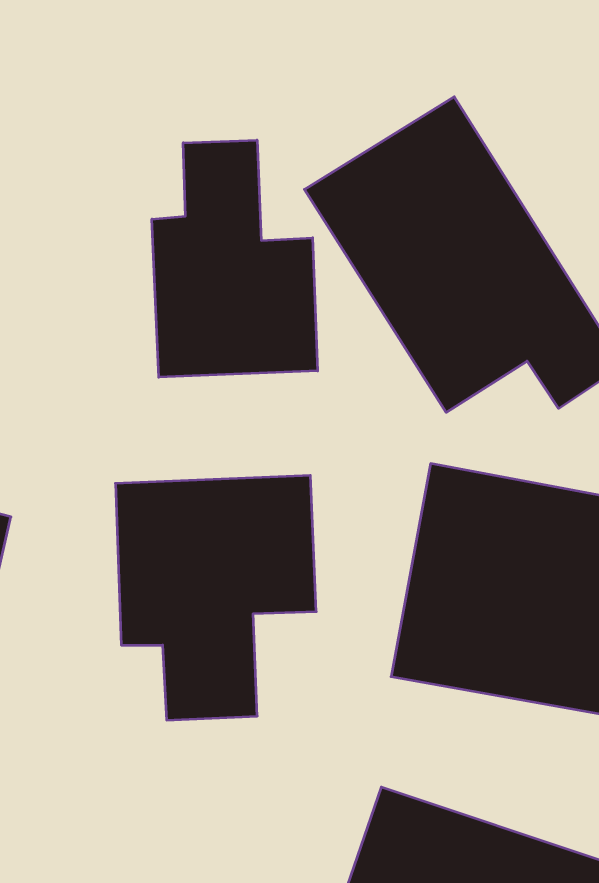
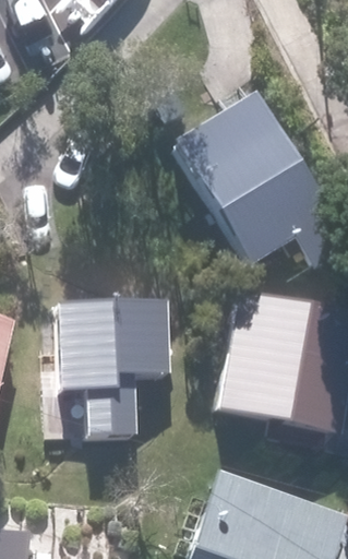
building: [152,140,318,377] -> none

